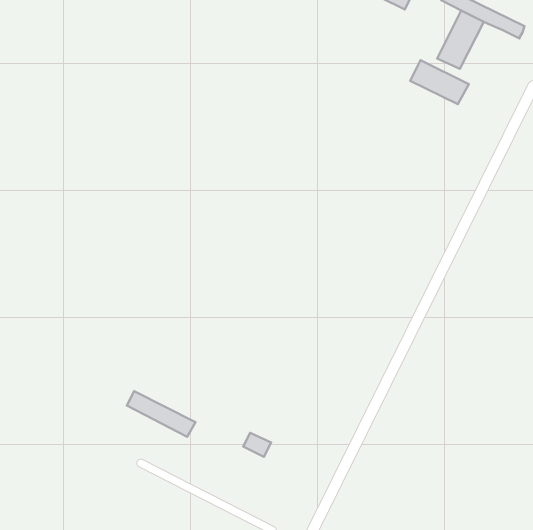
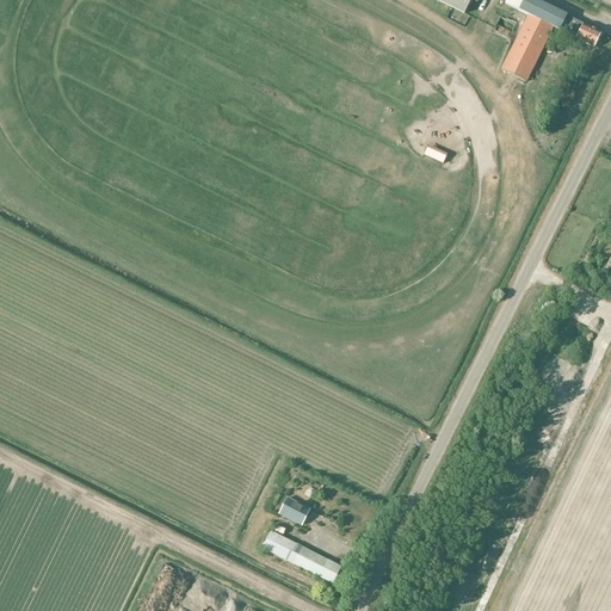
building: [410,60,469,104] -> none
building: [127,391,196,437] -> [263,529,341,581]

